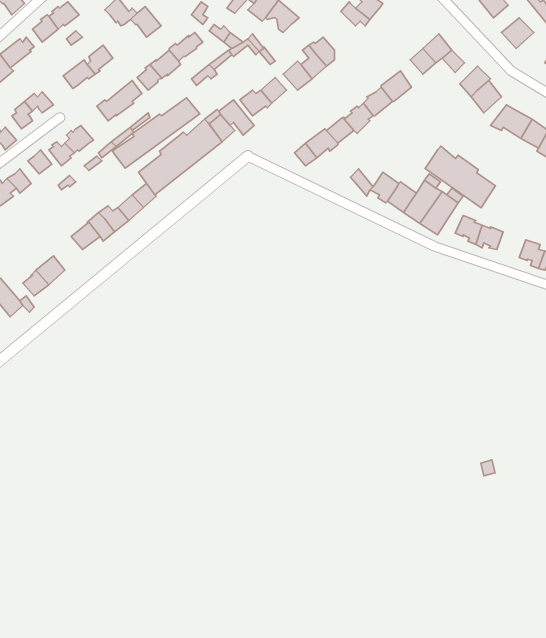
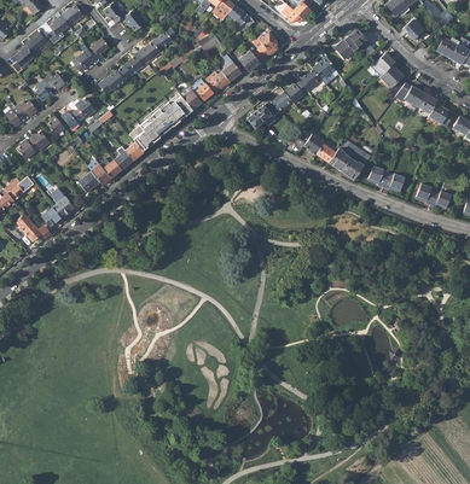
building: [112,98,200,168] -> none
building: [425,146,495,208] -> none

